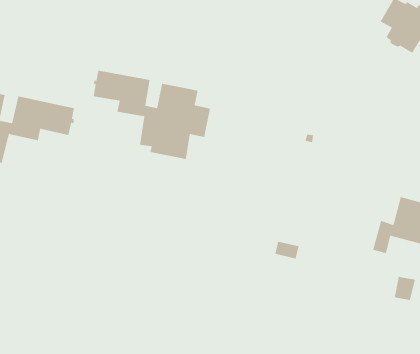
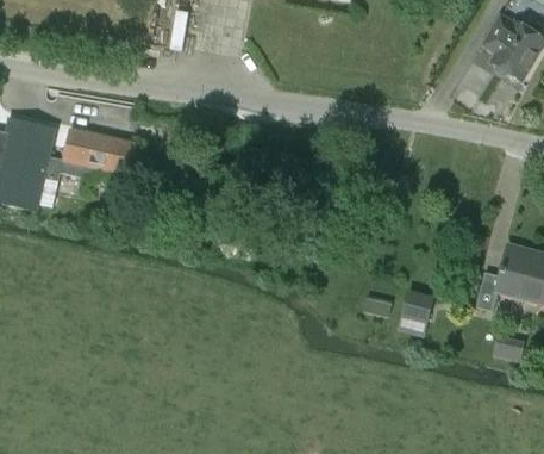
building: [93,70,211,160] -> none
building: none -> [399,292,431,334]

